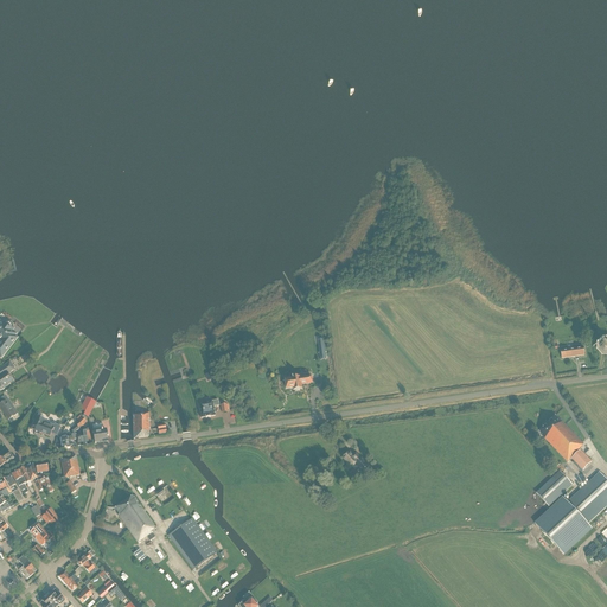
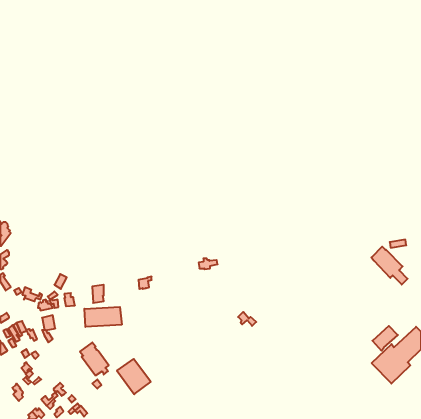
building: [539,414,592,468] -> [371,247,408,285]
building: none -> [84,307,122,327]

